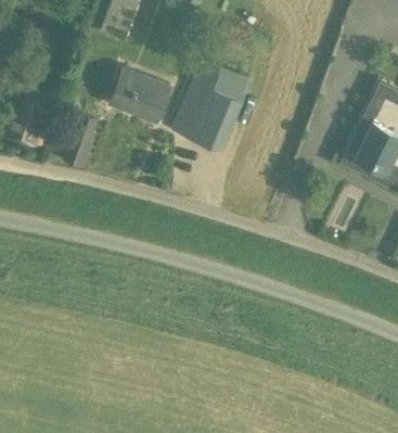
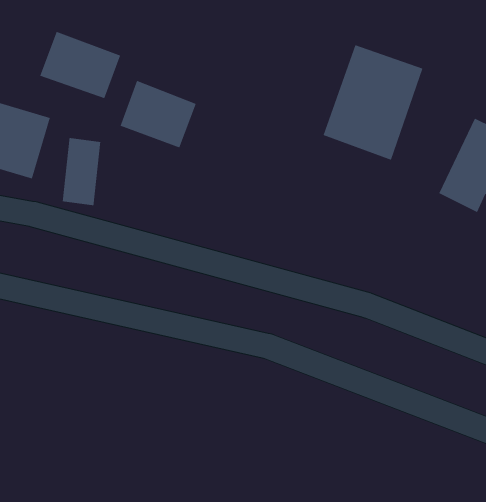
building: none -> [39,31,121,99]
building: [170,60,248,150] -> [323,44,424,161]

